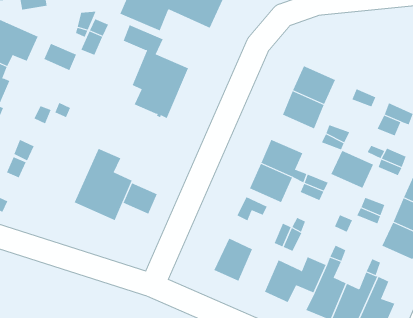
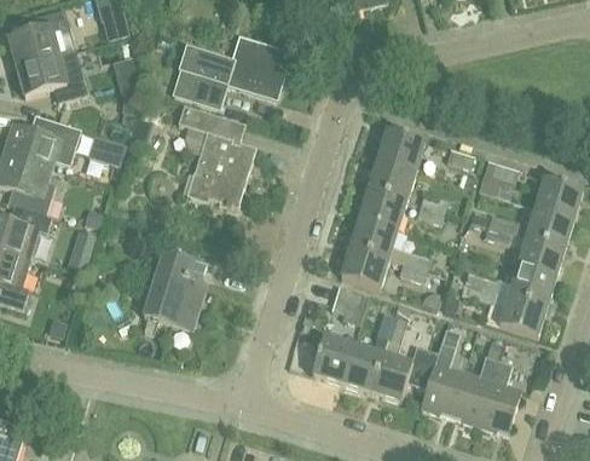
building: [330,150,374,189] -> [358,188,406,229]
building: [123,183,157,214] -> none
building: none -> [340,345,382,392]

